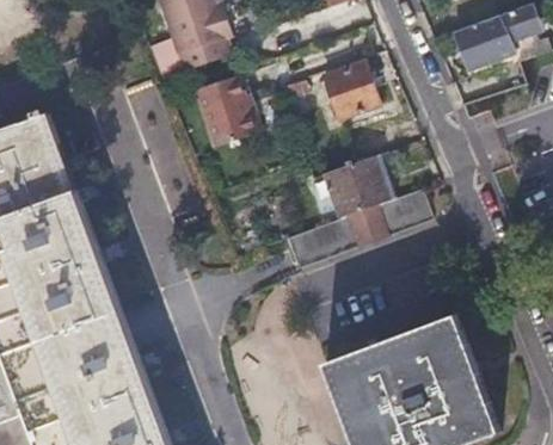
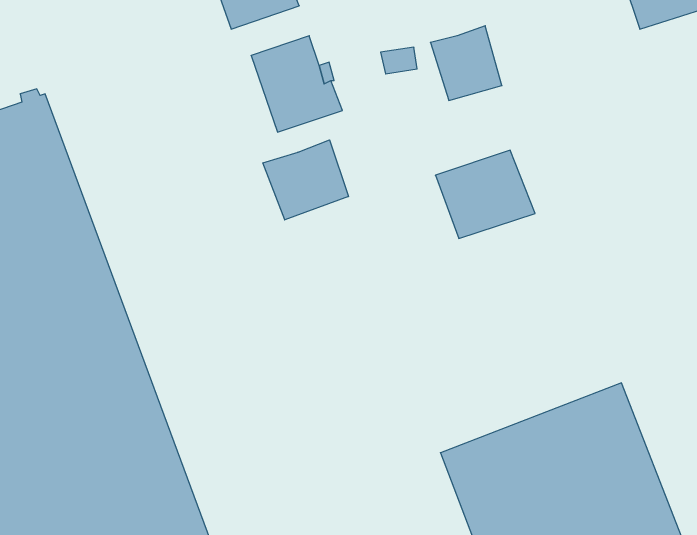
building: none -> [263,140,348,220]
building: [290,186,442,267] -> none

